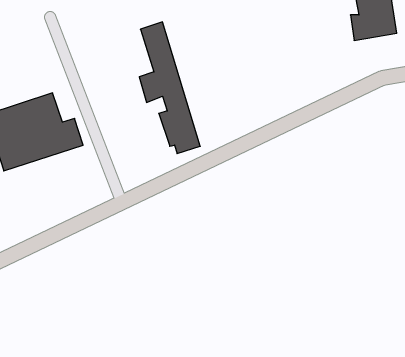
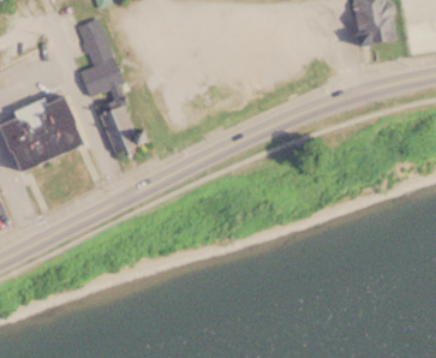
building: [139,22,200,154] -> [79,16,139,145]

